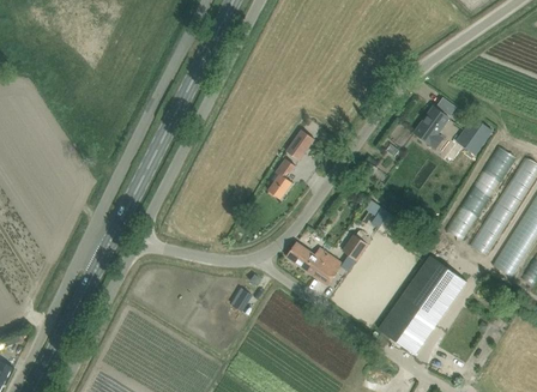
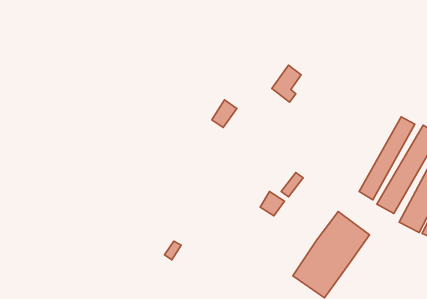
building: [414,104,447,146] -> [272,65,301,102]
building: [455,115,490,152] -> none
building: [267,156,295,198] -> none
building: [285,241,342,283] -> none

